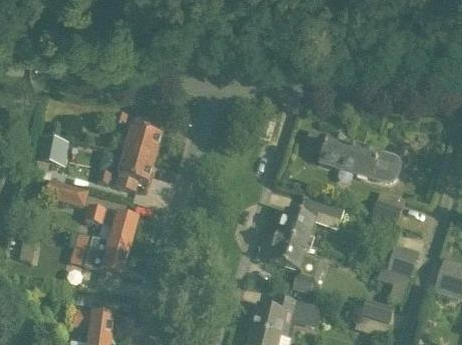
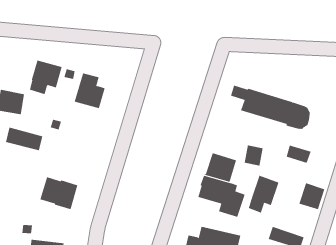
building: [115,149,154,190] -> [29,60,62,95]
building: [83,203,137,246] -> none
building: none -> [248,175,279,214]

